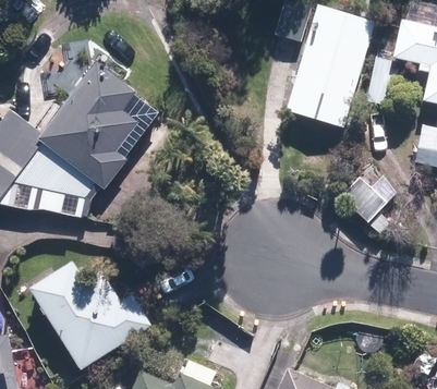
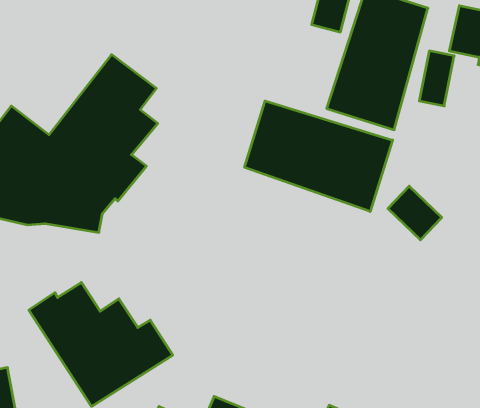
building: none -> [245,101,393,212]

